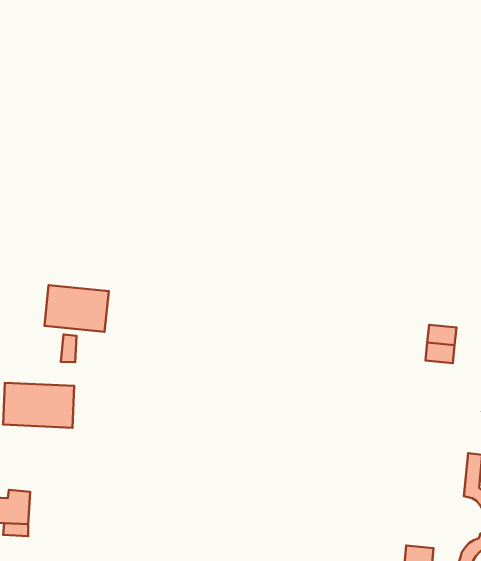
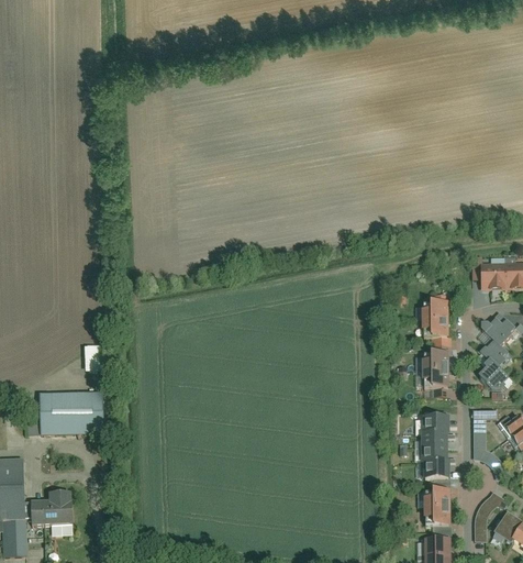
building: [44,285,109,332] -> none
building: none -> [421,351,447,394]
building: none -> [421,413,448,476]
building: none -> [423,488,448,507]

